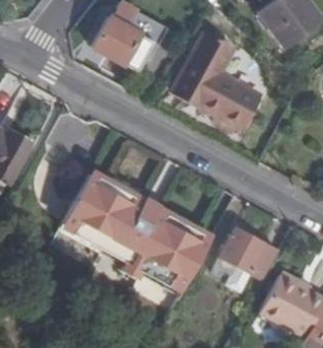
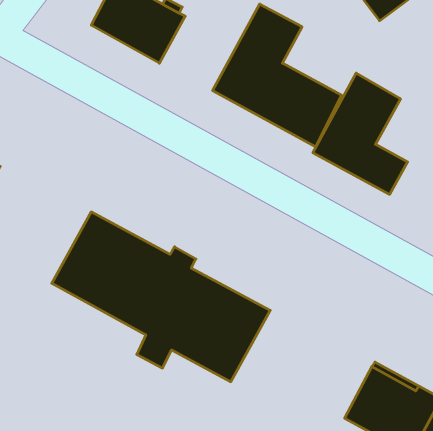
building: none -> [313,73,408,194]
building: [220,229,278,280] -> none

